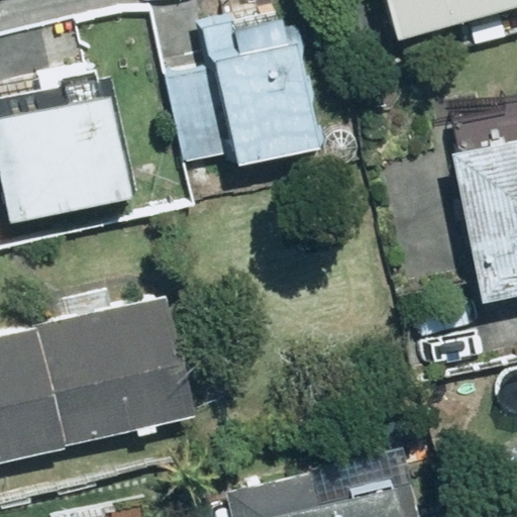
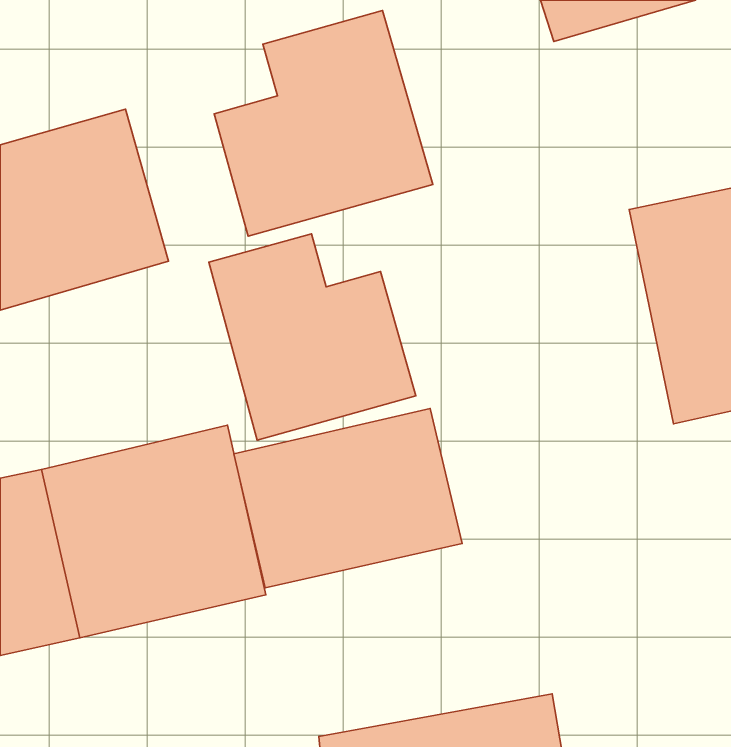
building: none -> [209,234,416,440]
building: none -> [234,409,462,588]

